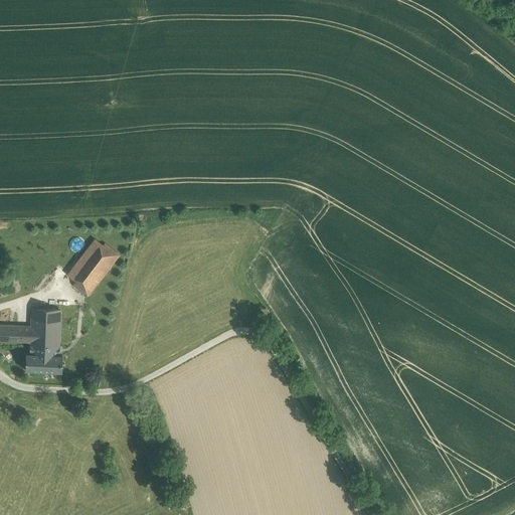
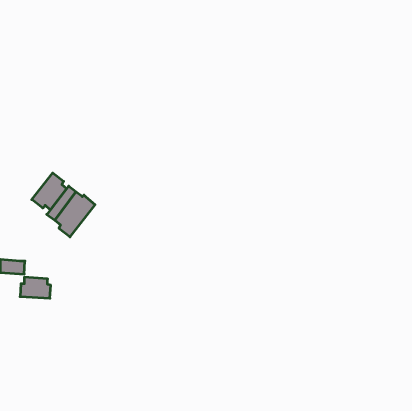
building: none -> [32,173,66,210]
building: [30,309,61,349] -> none

